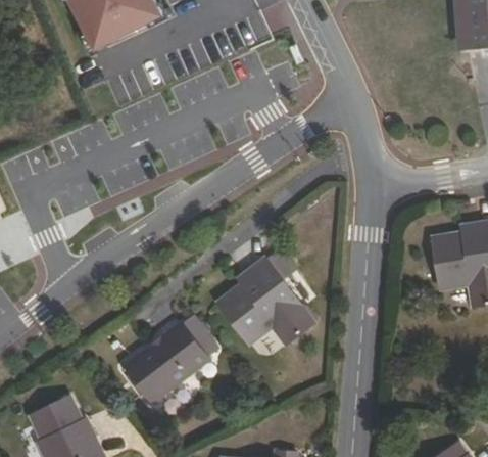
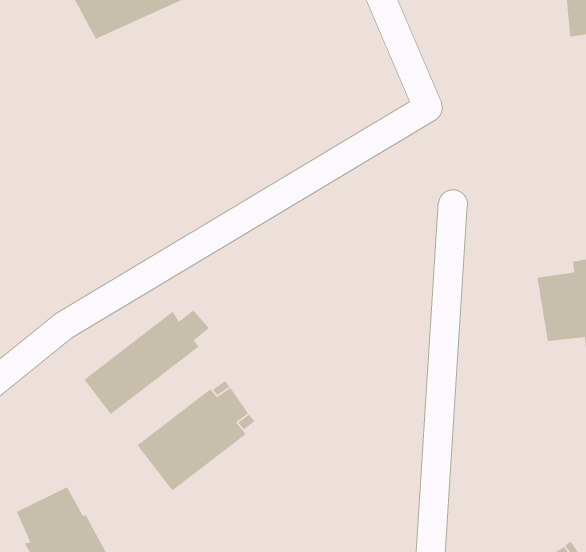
building: [217,253,313,345] -> none
building: none -> [83,310,210,415]

